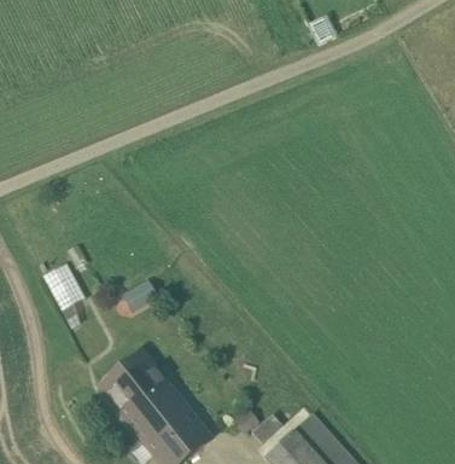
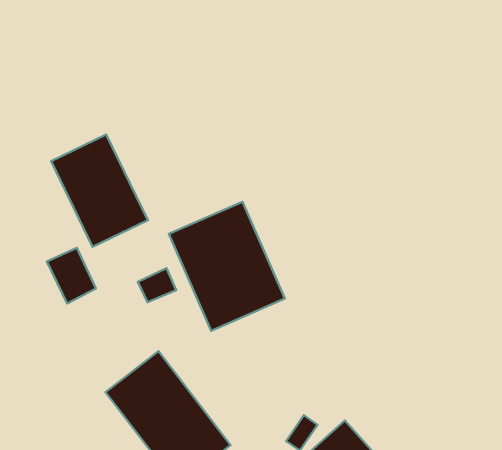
building: none -> [51,134,148,247]
building: none -> [169,202,285,331]

